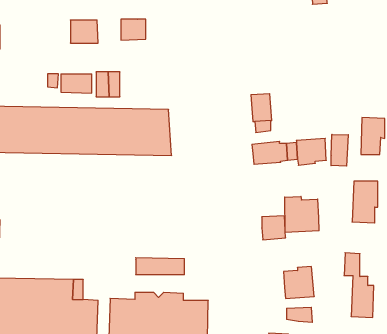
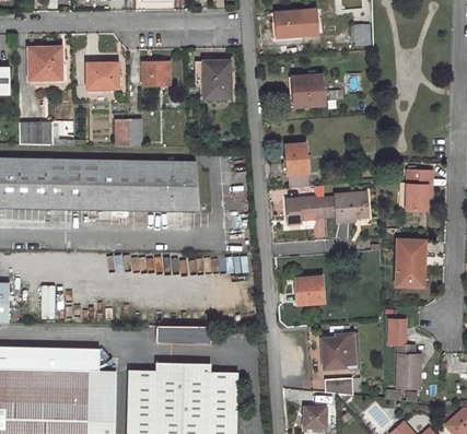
building: none -> [30,47,61,79]
building: none -> [195,60,231,97]
building: none -> [293,73,324,105]
building: [61,74,92,93] -> [19,125,52,145]
building: [331,134,348,166] -> none
building: [285,196,319,232] -> none

